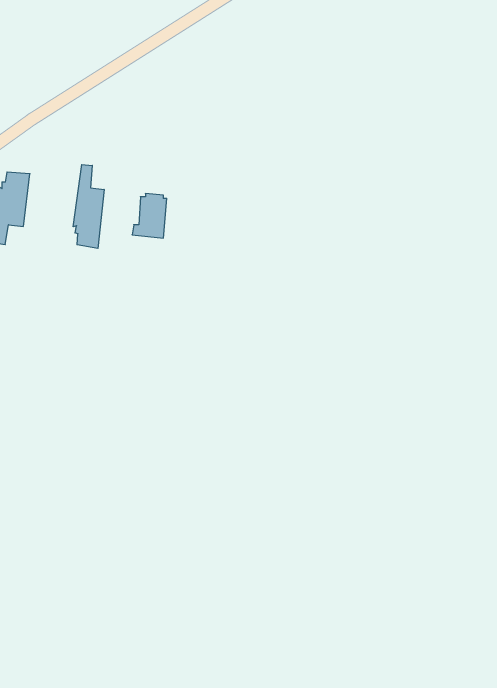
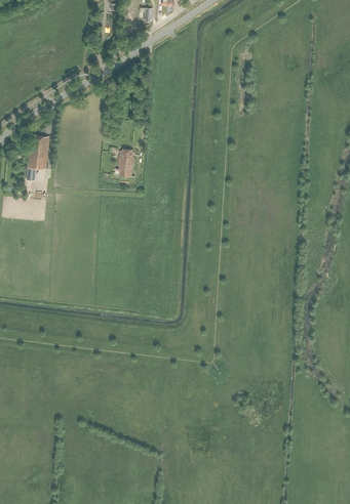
building: [73,165,104,248] -> none

